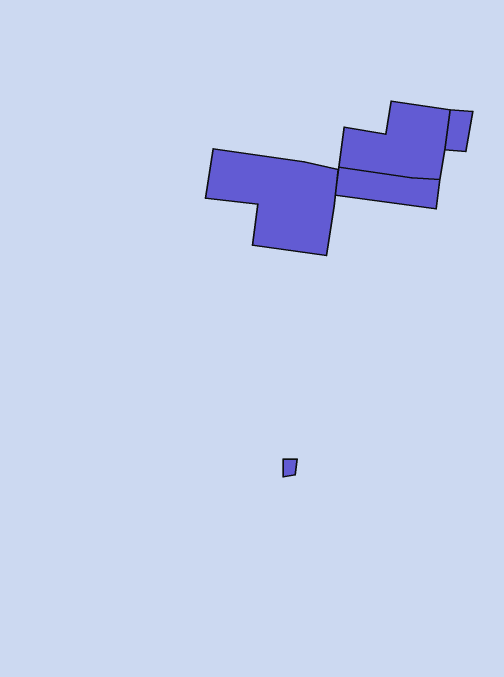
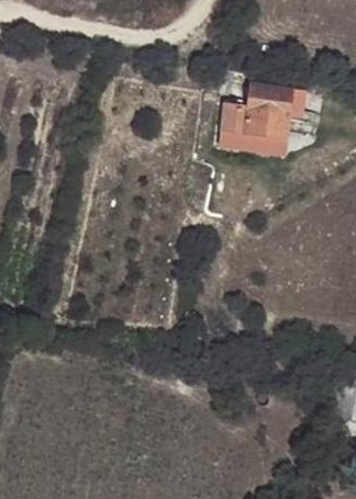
building: [205,149,338,256] -> none

